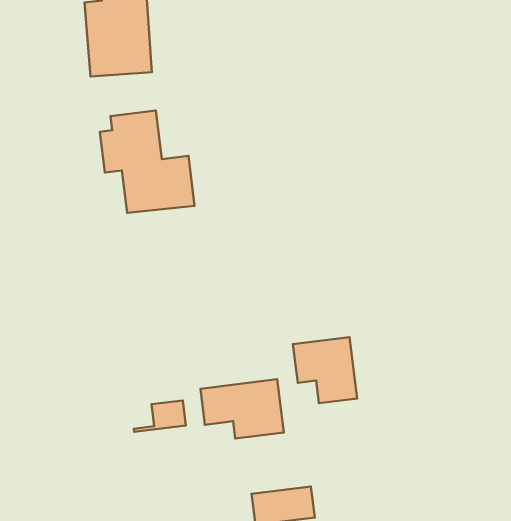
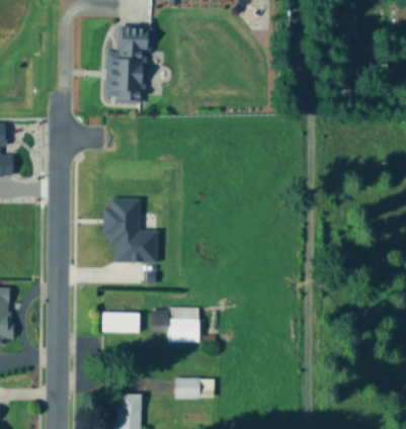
building: [100,111,195,213] -> [102,199,157,263]
building: [293,337,357,403] -> none

